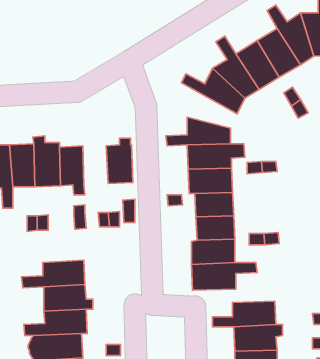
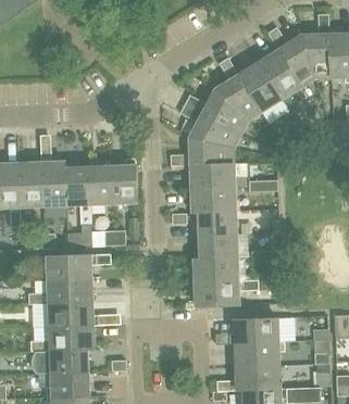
building: none -> [178,103,238,148]
building: none -> [87,165,112,203]
building: none -> [47,253,110,279]

